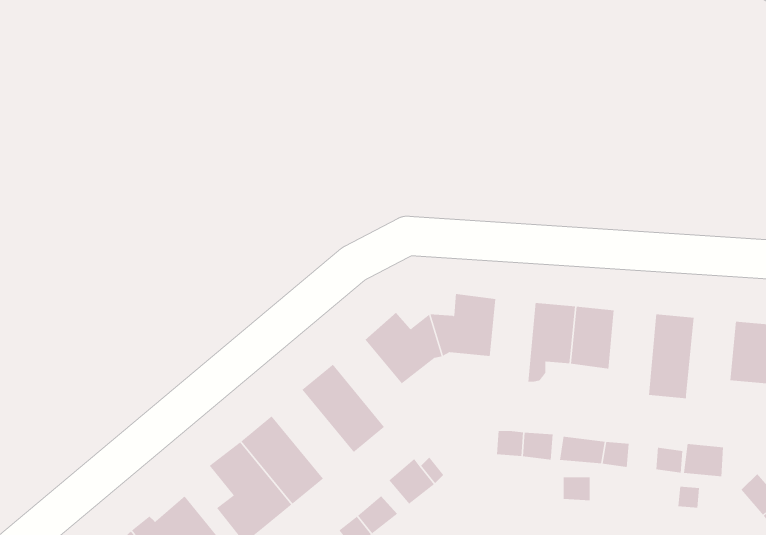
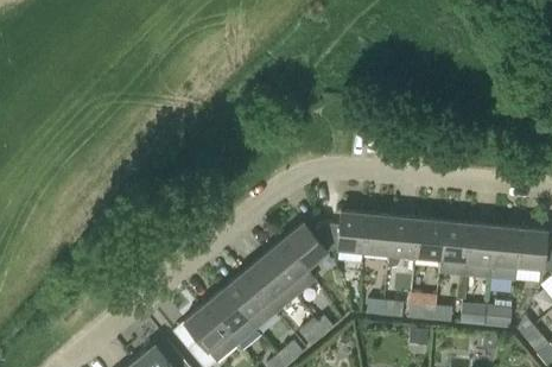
building: none -> [363,214,392,253]
building: none -> [438,221,469,276]
building: none -> [489,226,520,278]
building: none -> [262,240,316,296]
building: none -> [223,272,275,329]

